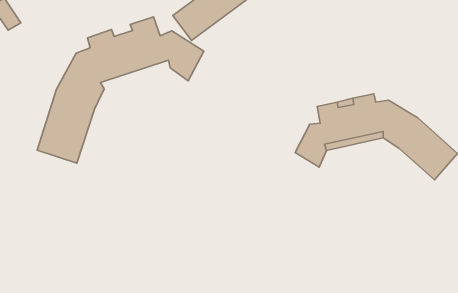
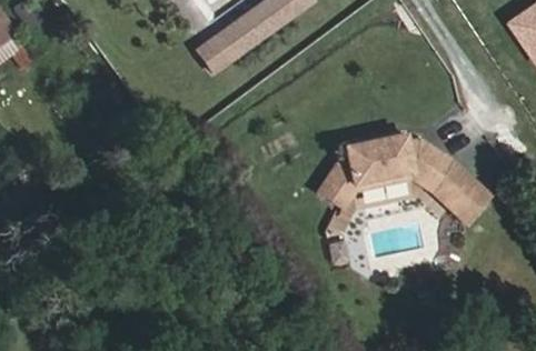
building: [37,17,204,163] -> none

